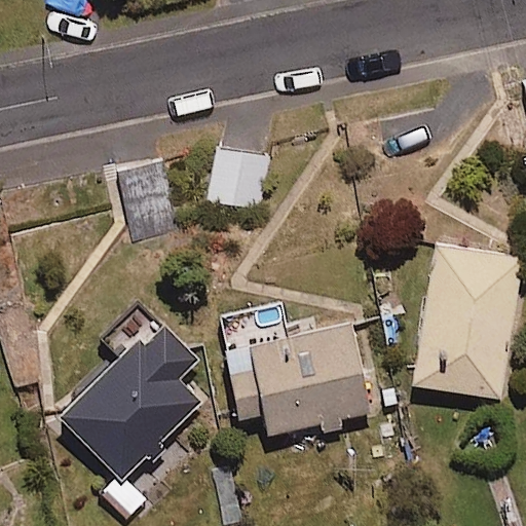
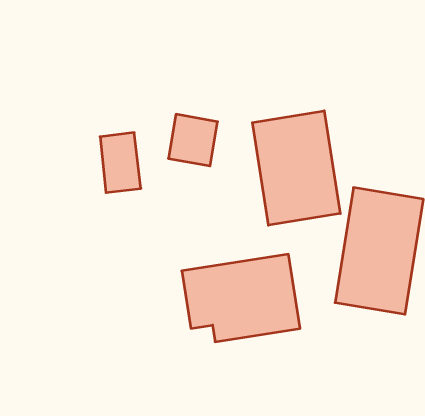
building: none -> [252,111,340,225]
building: [59,315,199,481] -> none

